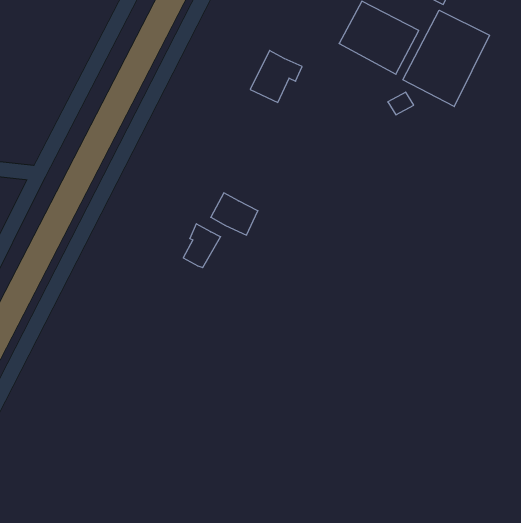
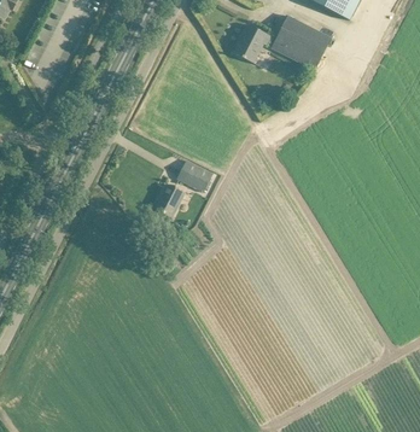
building: [403,10,490,107] -> none
building: [250,50,302,102] -> [233,23,272,62]

